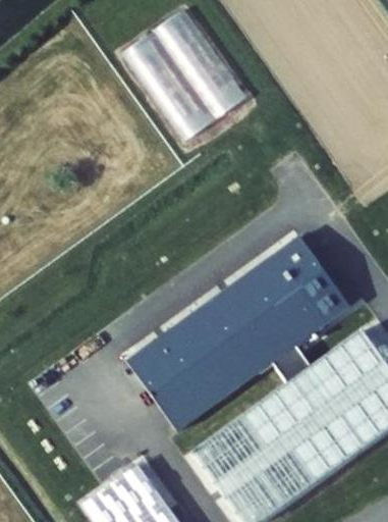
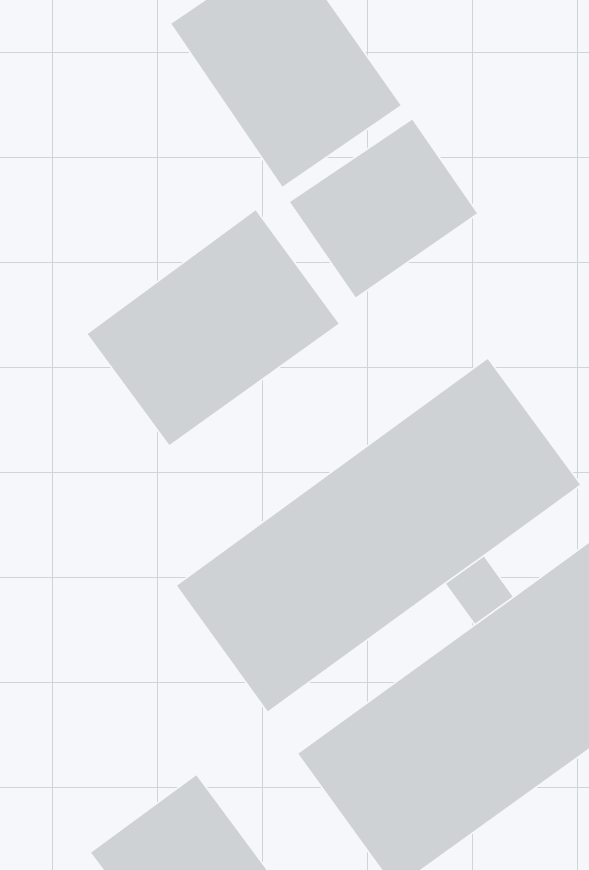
building: none -> [289,119,478,299]
building: none -> [86,209,340,446]

